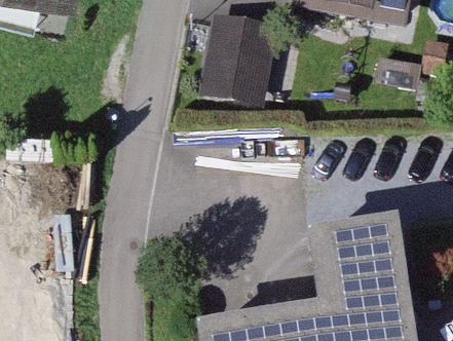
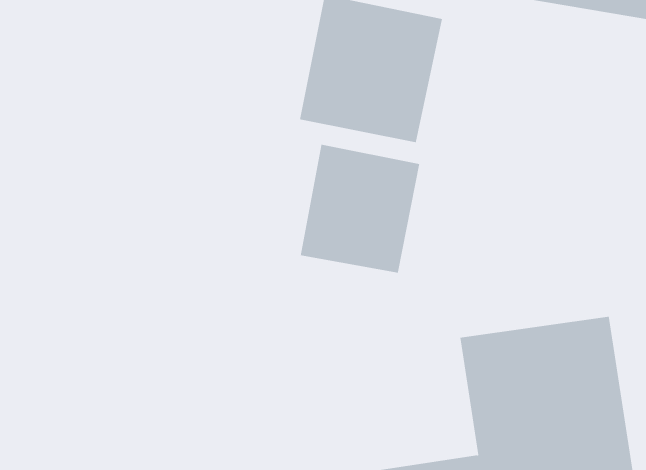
building: none -> [300,144,420,273]

